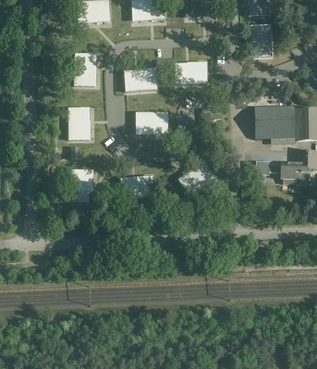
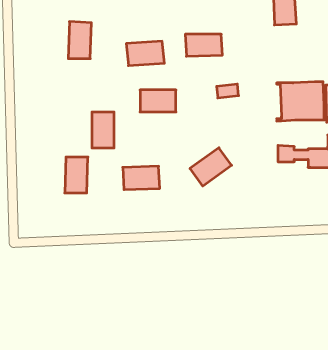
building: [68,108,87,139] -> [92,112,114,148]

